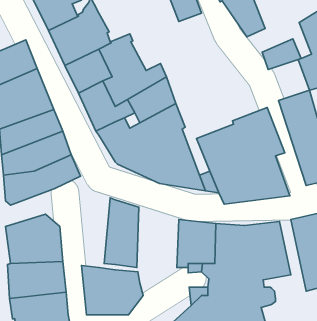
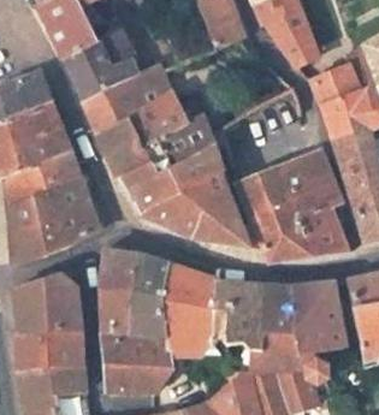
building: none -> [320,91,368,140]
building: none -> [101,248,135,331]
building: none -> [166,265,215,354]

